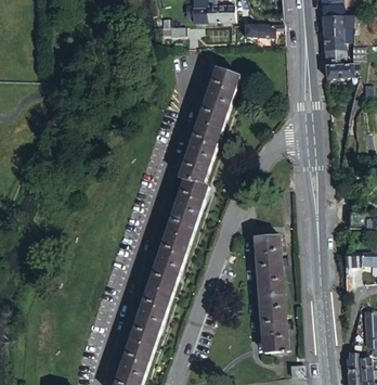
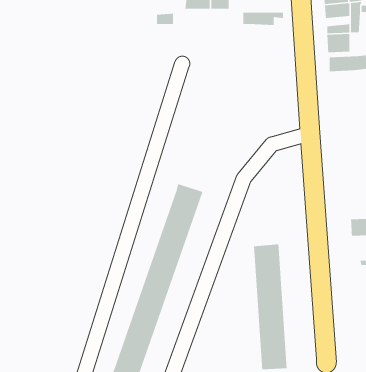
building: [180,69,240,187] -> none

